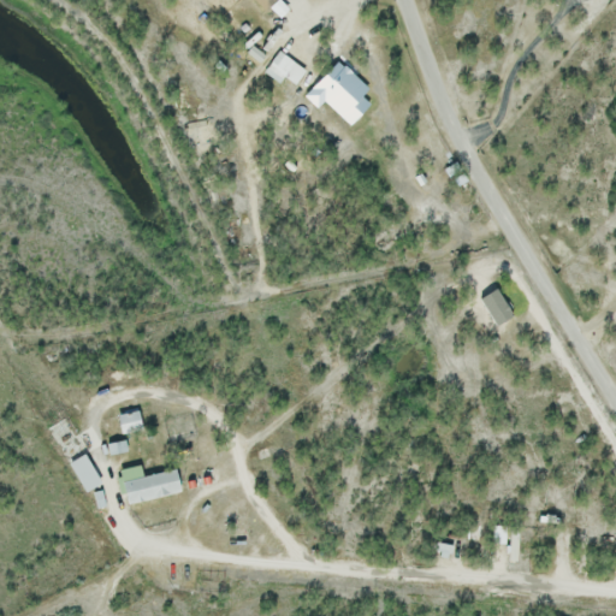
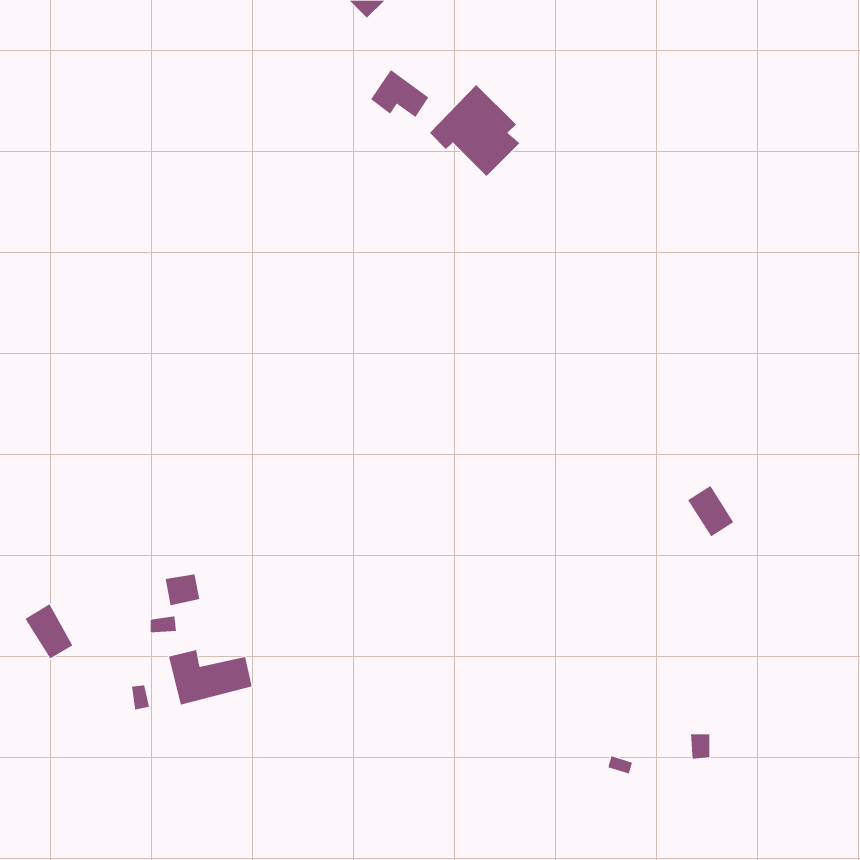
building: [480,288,514,325] -> [687,485,734,537]
building: [67,454,102,493] -> [24,604,73,659]

